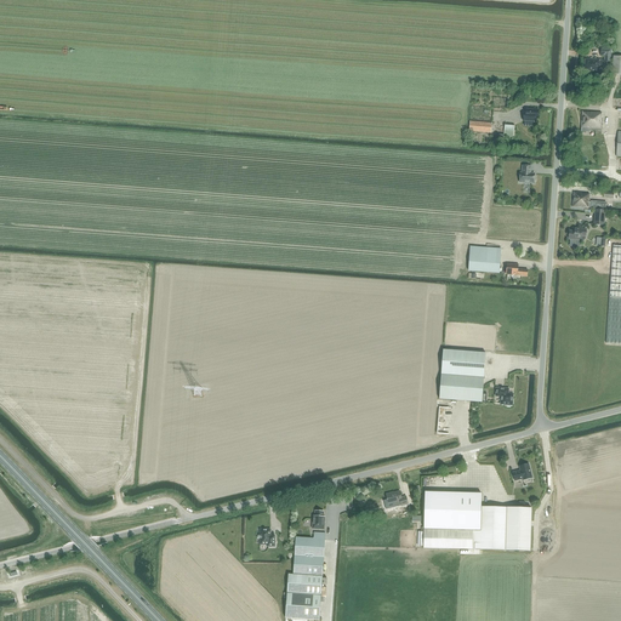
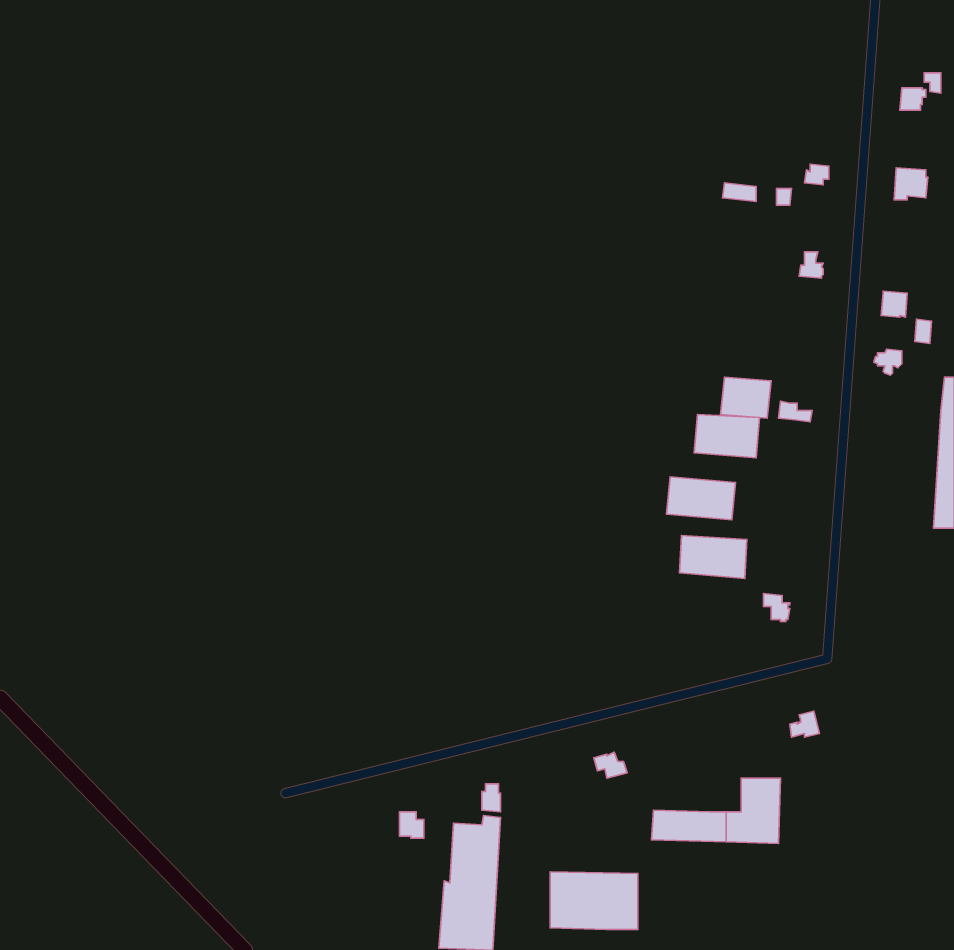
building: none -> [694,414,760,458]
building: [439,372,484,400] -> [667,477,736,520]
building: [425,490,482,528] -> [550,872,638,930]
building: [506,506,531,548] -> none

